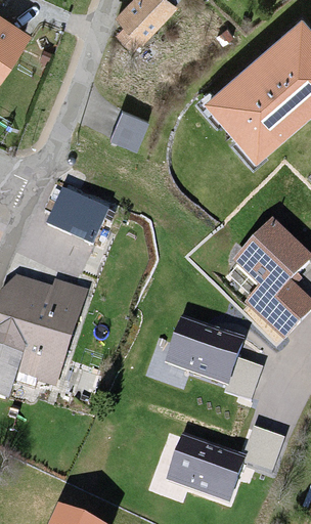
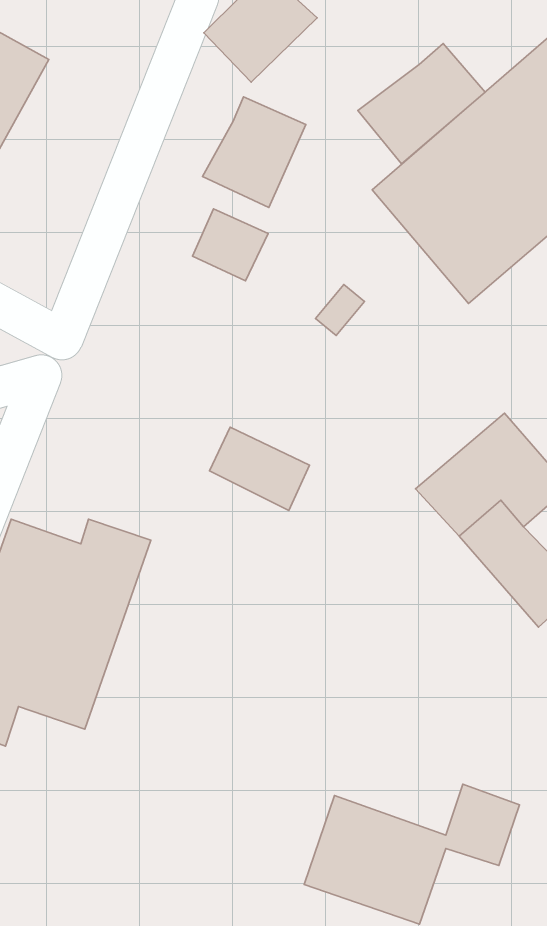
building: none -> [358,43,485,164]
building: none -> [203,97,306,207]
building: [50,193,104,238] -> [209,427,310,511]
building: [166,315,262,399] -> none

